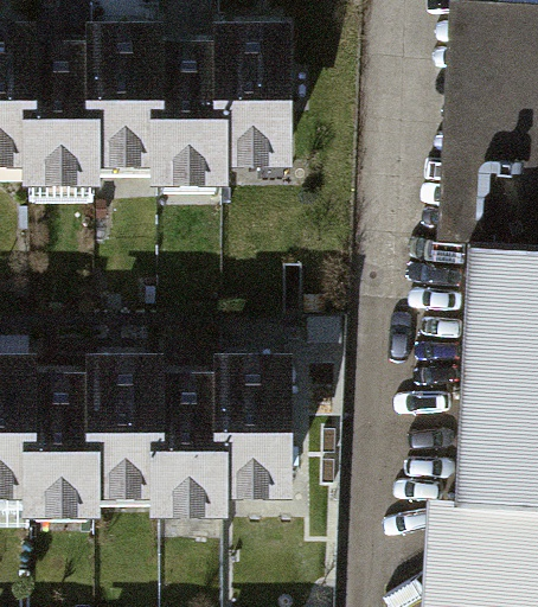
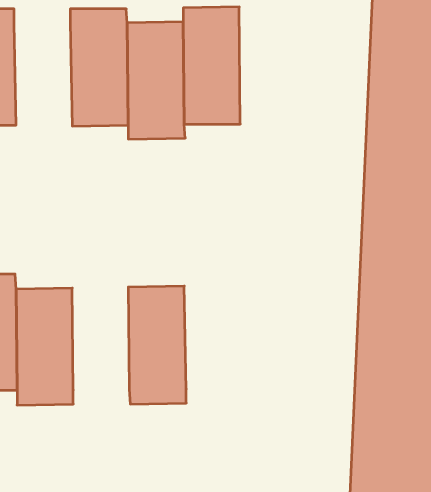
building: [26,49,95,187] -> none
building: [228,344,296,483] -> none
building: [94,345,162,484] -> none

